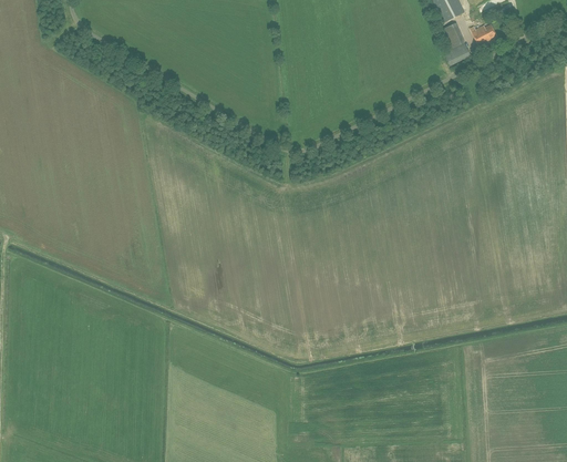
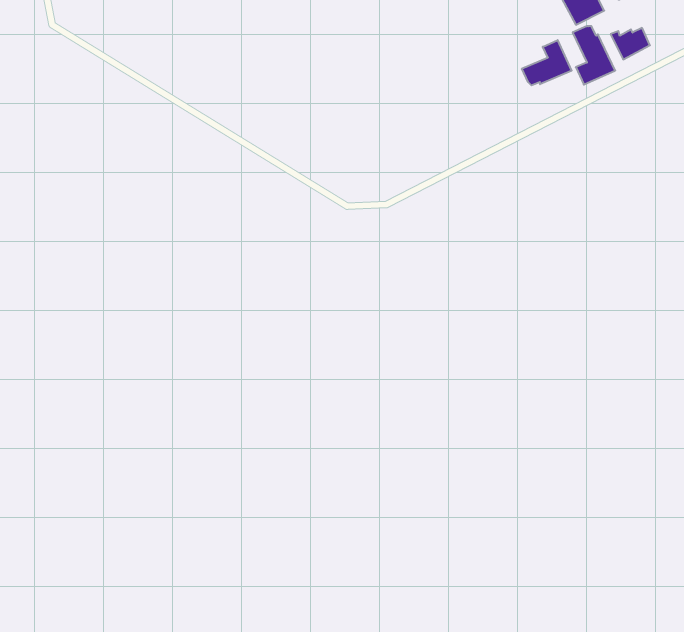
building: none -> [522,40,572,85]

